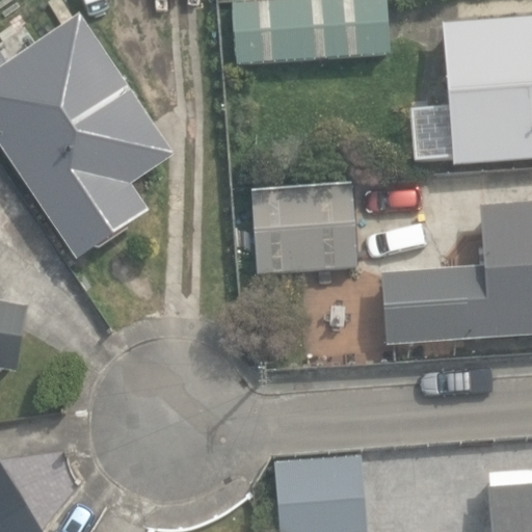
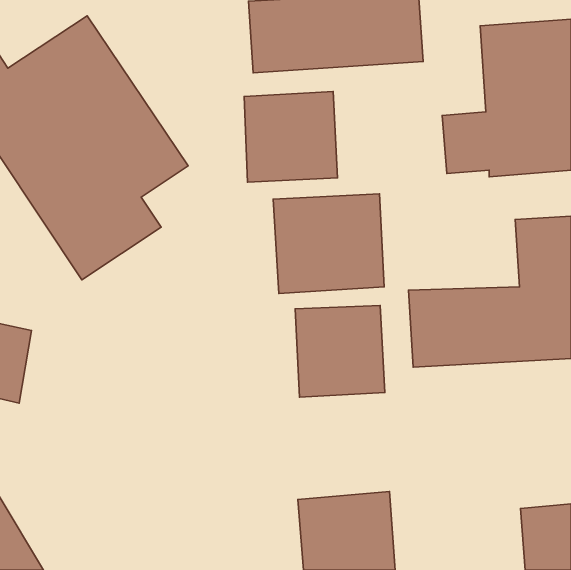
building: none -> [244,92,338,182]
building: none -> [295,305,385,397]

